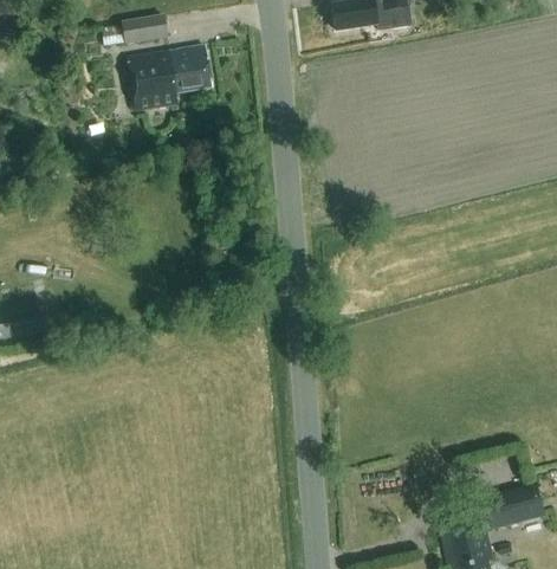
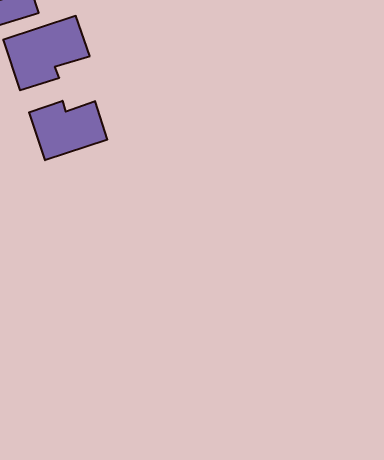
building: none -> [29,101,107,160]

